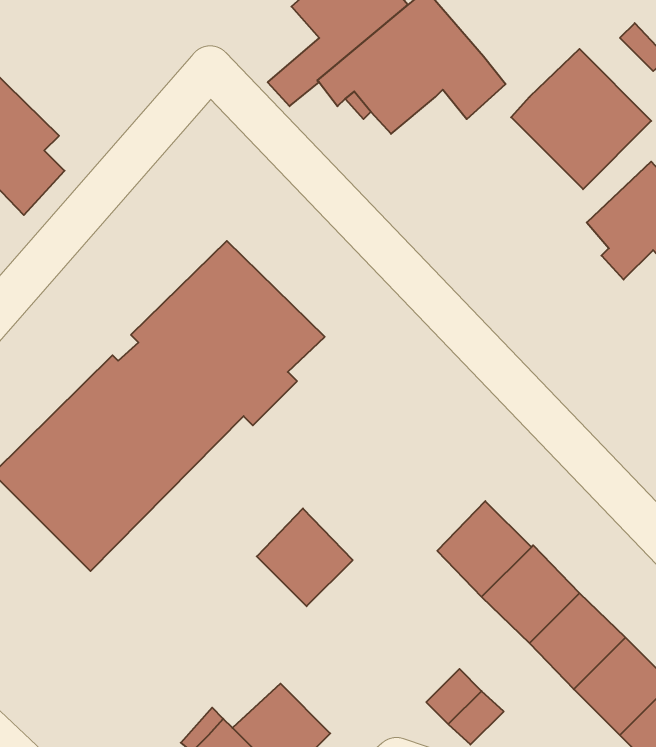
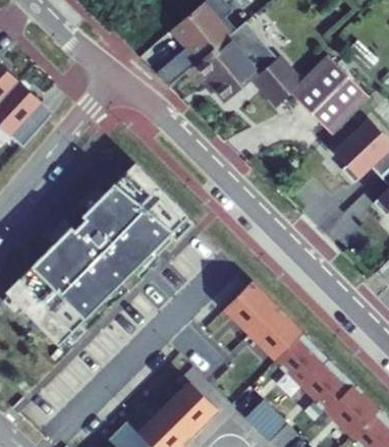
building: none -> [248,59,300,113]
building: none -> [223,282,276,335]
building: [257,508,353,606] -> [163,382,216,436]

